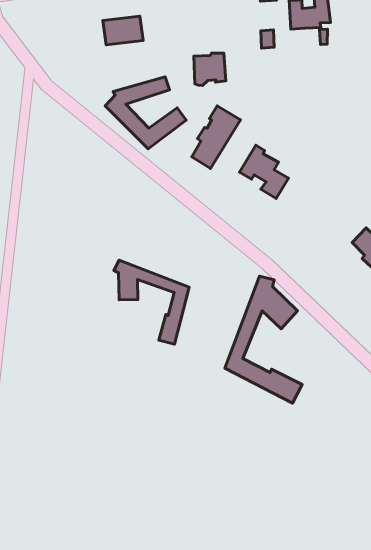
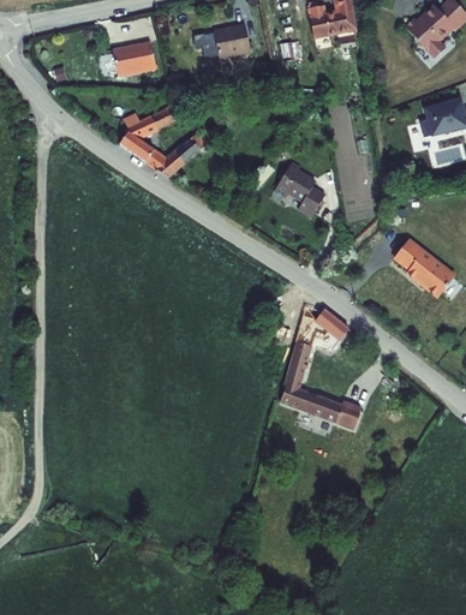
building: [194,53,226,86] -> [213,22,249,58]
building: [192,106,241,168] -> none
building: [114,260,189,344] -> none

